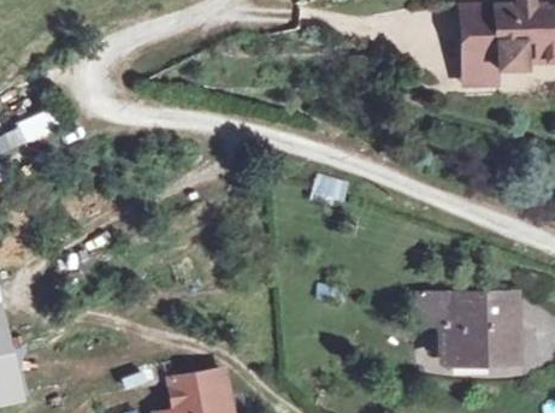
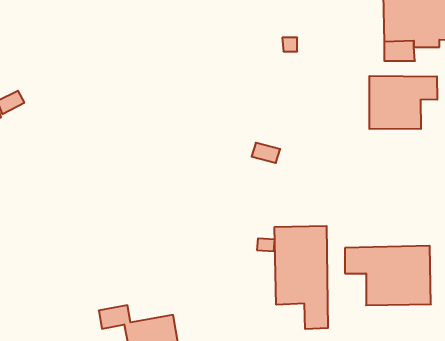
building: none -> [369,76,437,129]
building: none -> [275,226,328,329]

